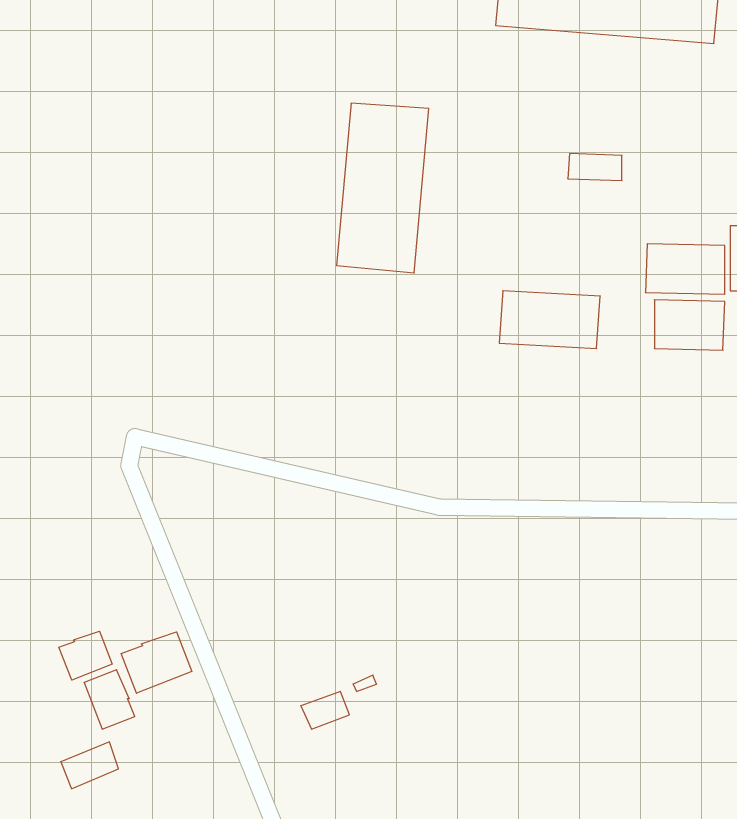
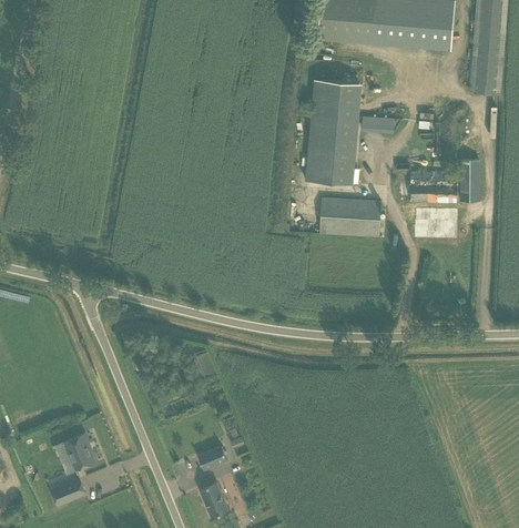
building: [337,103,429,273] -> [305,81,362,185]
building: [59,631,112,680] -> none
building: [121,632,192,693] -> none
building: none -> [200,483,228,518]

